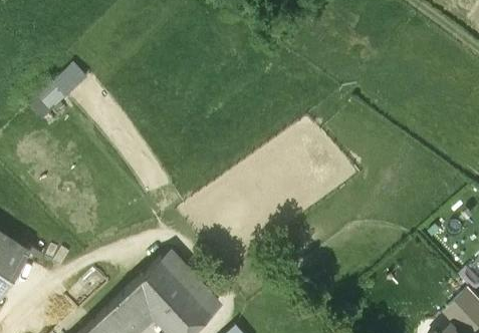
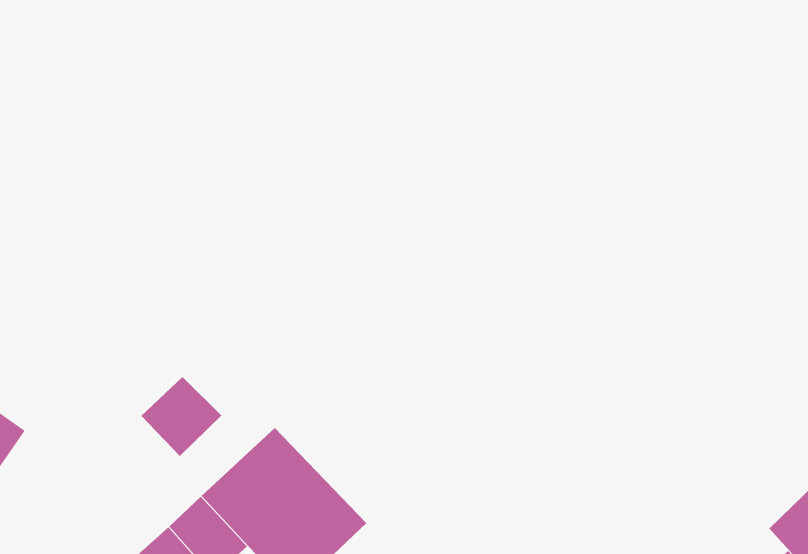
building: [27,55,85,116] -> none
building: none -> [141,376,222,457]

